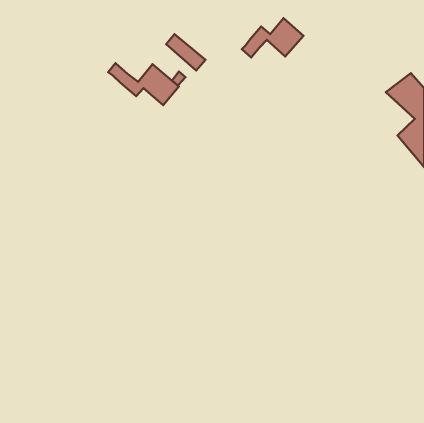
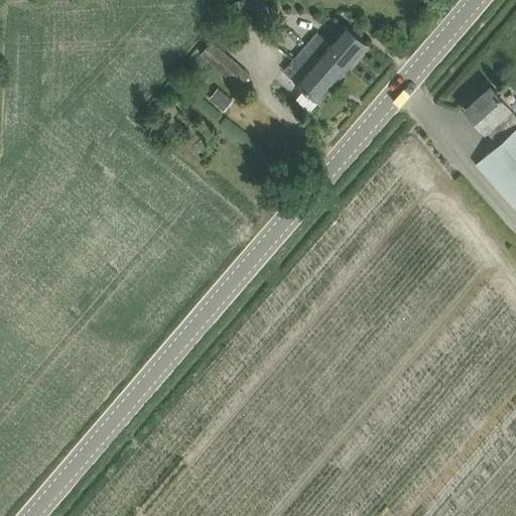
building: none -> [284,50,346,103]
building: [108,63,179,105] -> none

